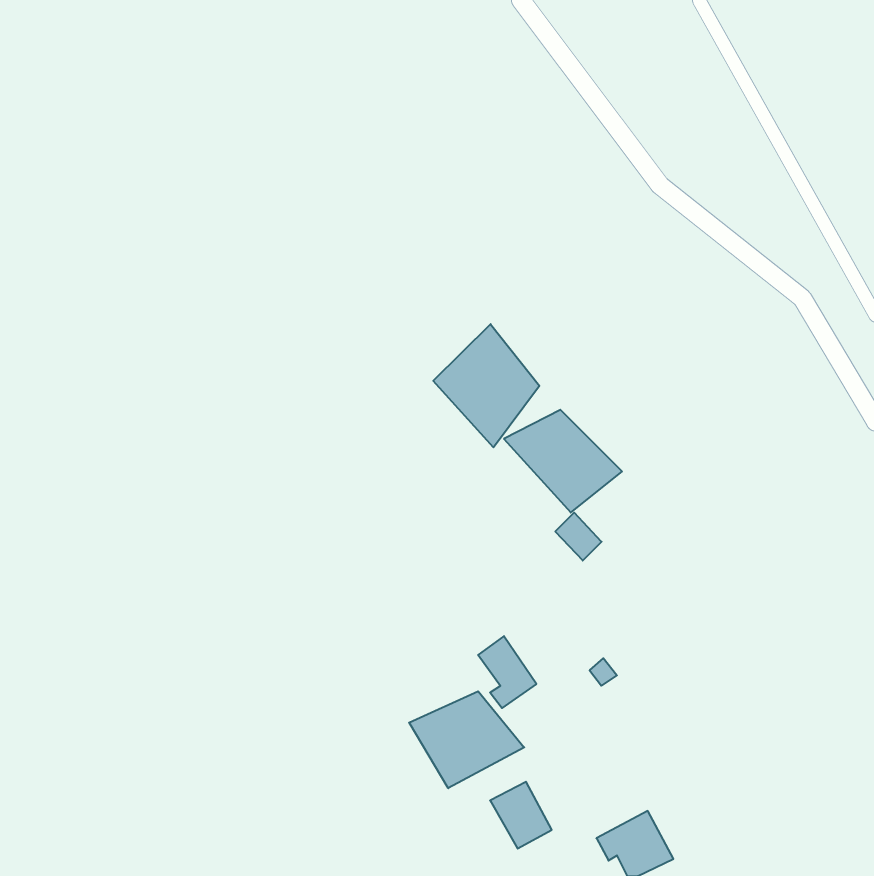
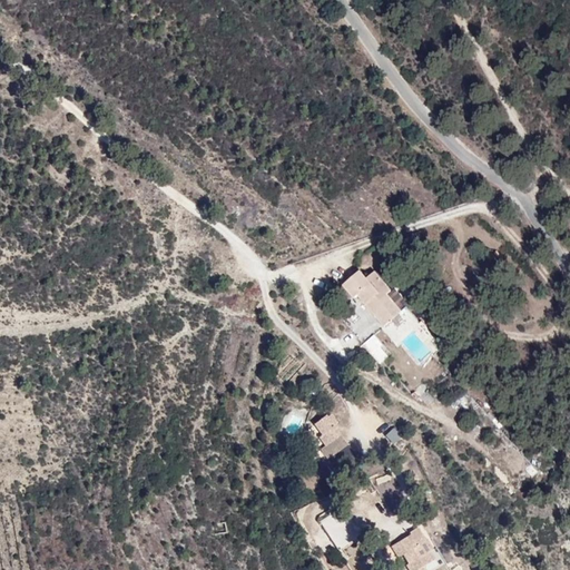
building: [433,324,539,447] -> none
building: [409,691,524,788] -> none

